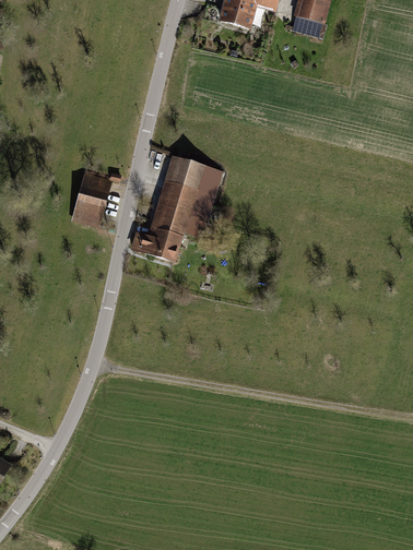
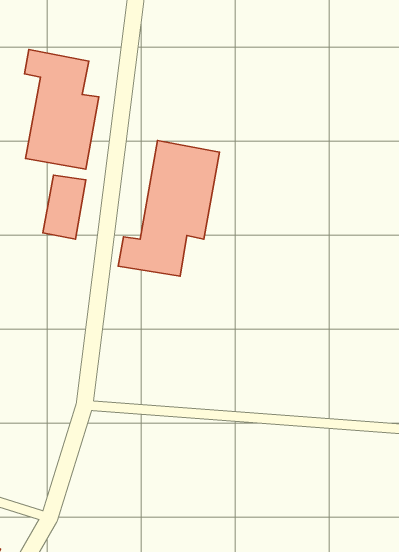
building: none -> [24,49,99,169]

